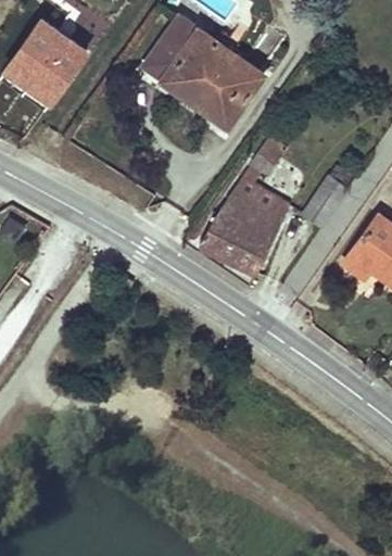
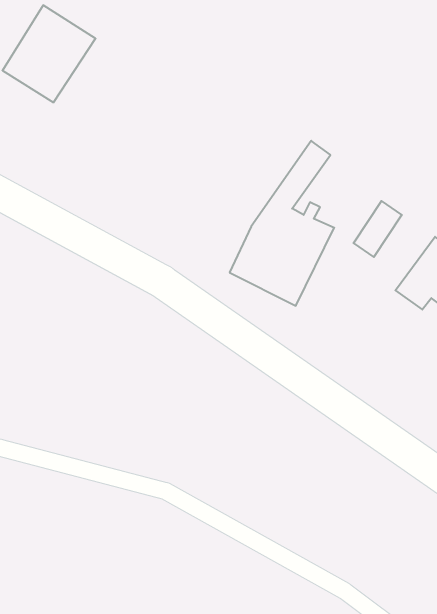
building: [146,20,261,123] -> none

